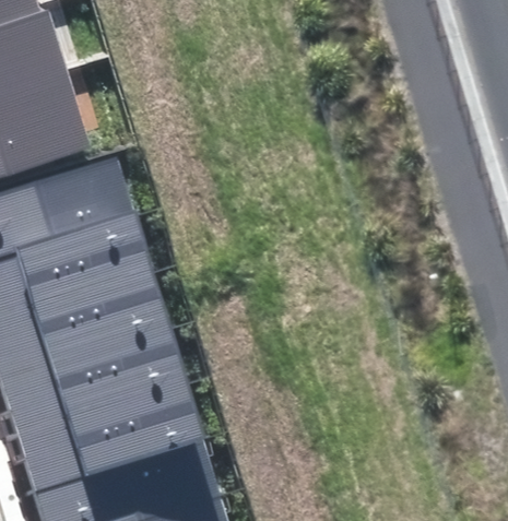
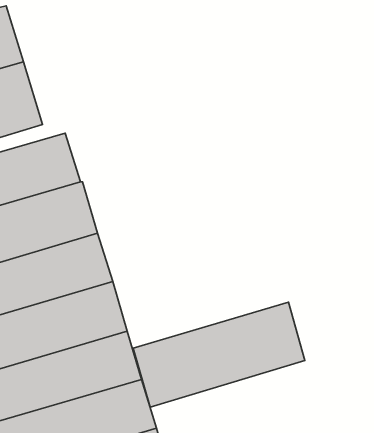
building: none -> [133,302,305,407]

